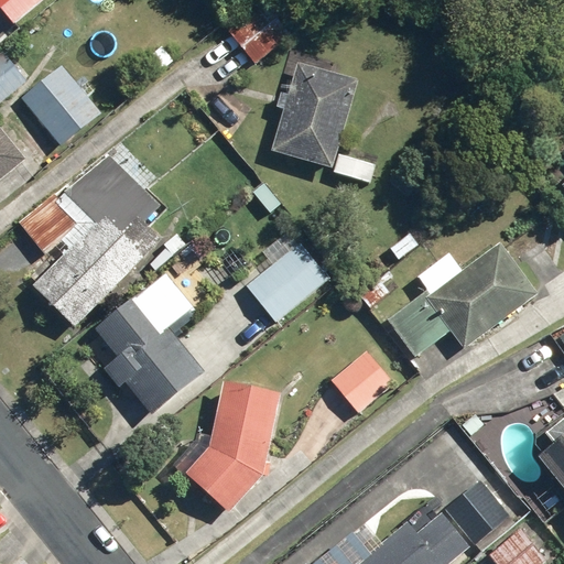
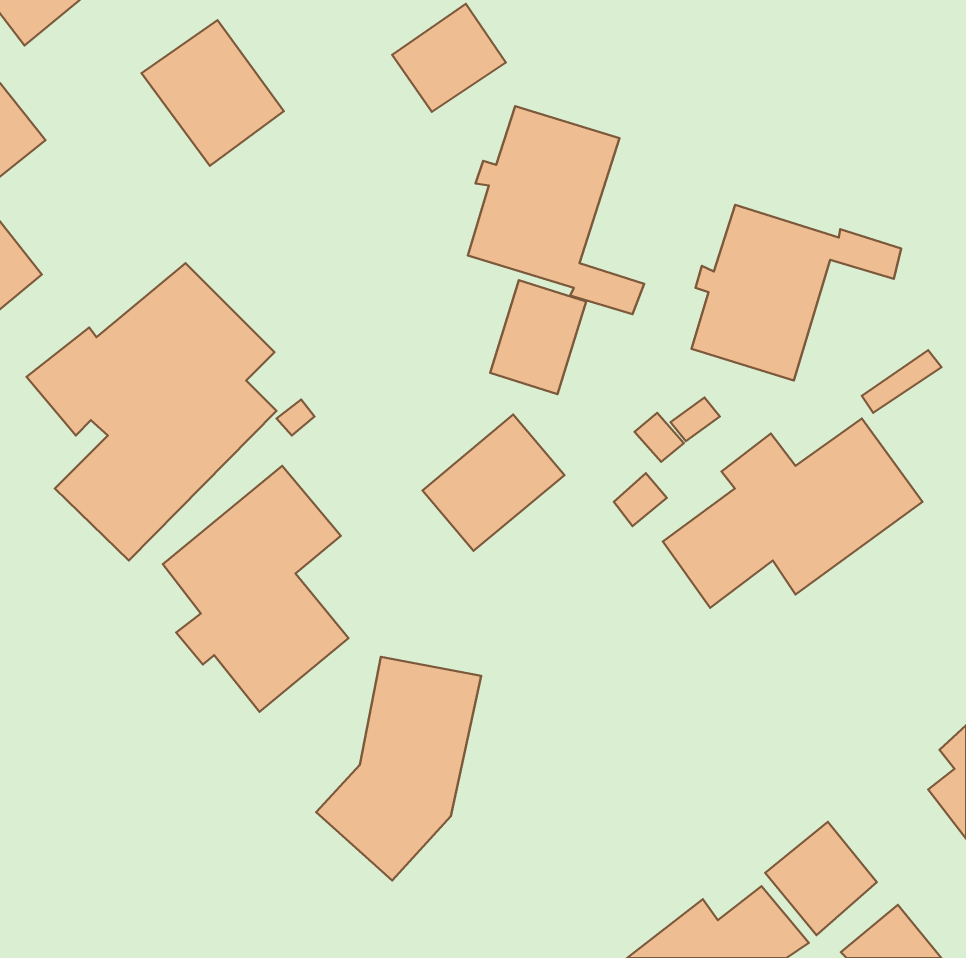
building: [20,63,102,148] -> [142,20,284,166]
building: none -> [692,205,901,381]
building: none -> [490,280,586,394]
building: [329,349,392,412] -> none

